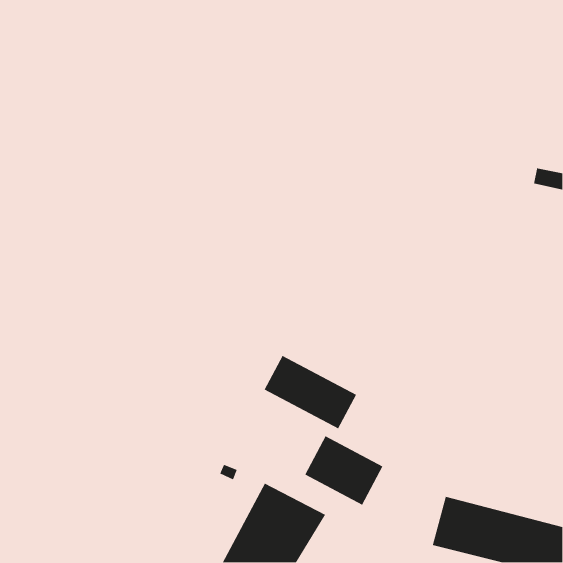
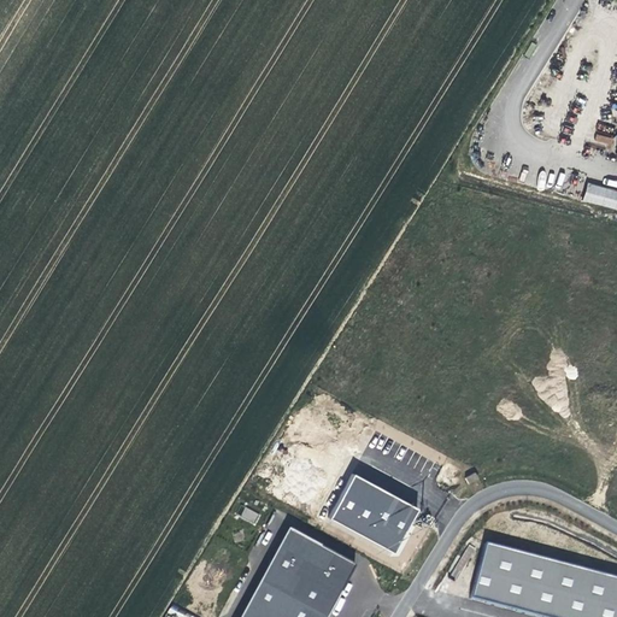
building: [264,355,357,429] -> none

